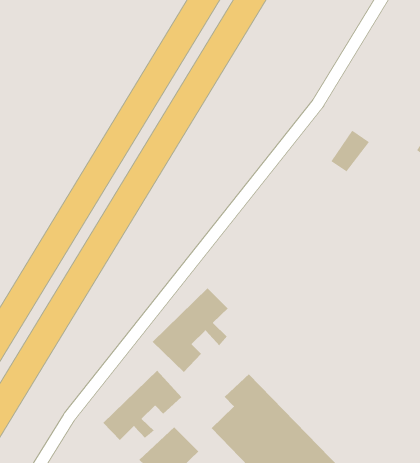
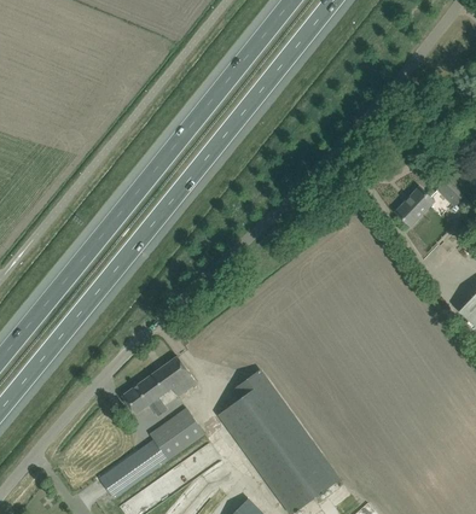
building: [331,130,370,172] -> [396,187,434,224]
building: [152,287,228,373] -> none

